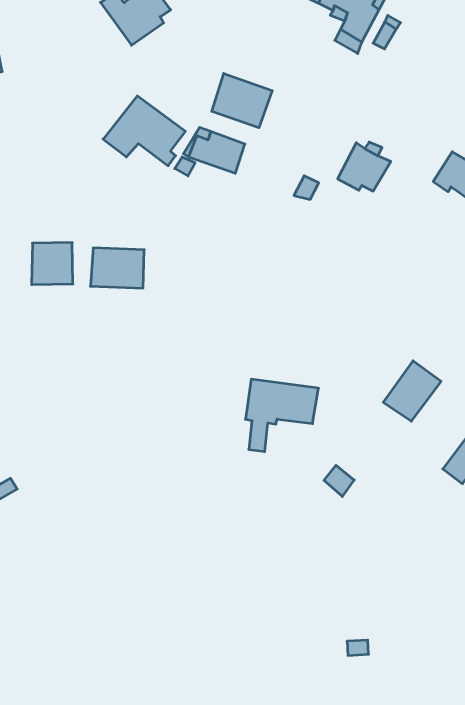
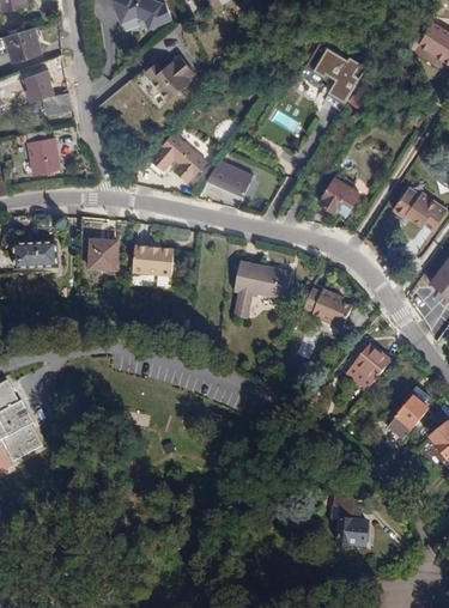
building: [212,73,272,128] -> none
building: none -> [302,288,350,329]
building: [245,379,319,452] -> [232,262,289,317]
building: none -> [332,495,365,543]

